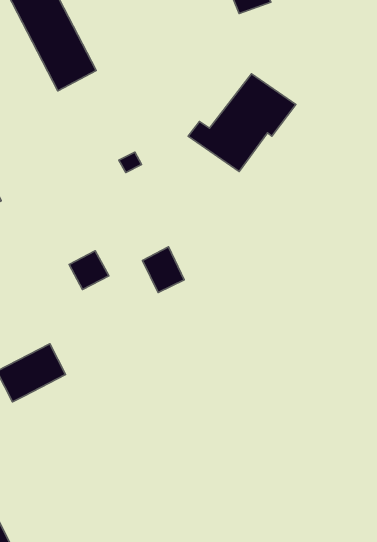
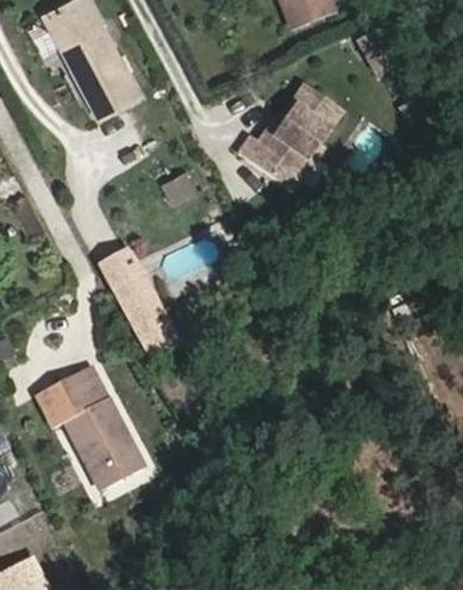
building: none -> [95,242,140,290]
building: [142,247,184,292] -> [127,302,171,350]
building: none -> [64,407,140,491]

